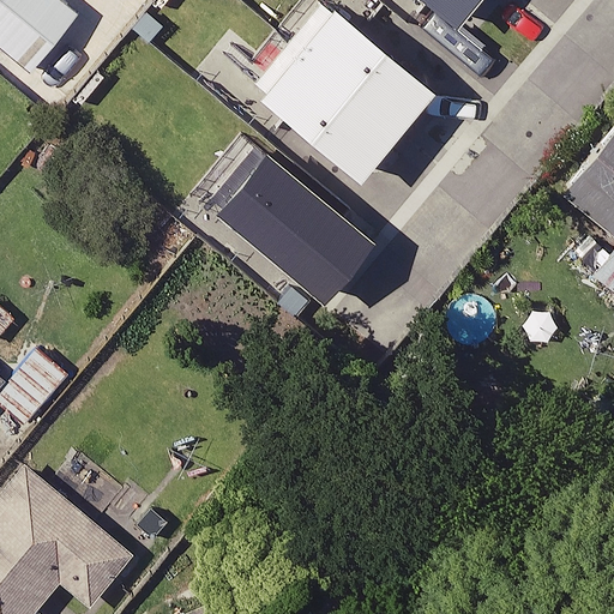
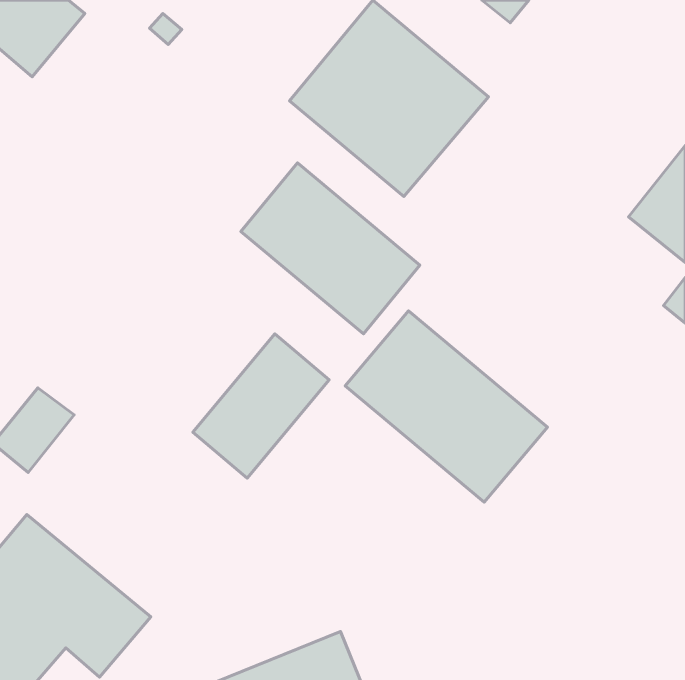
building: none -> [345,311,548,502]
building: none -> [193,334,329,478]

